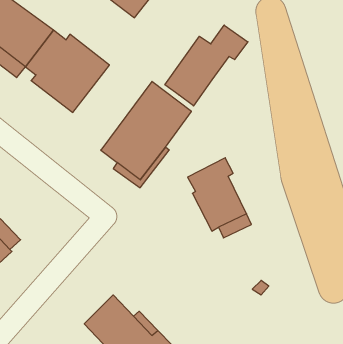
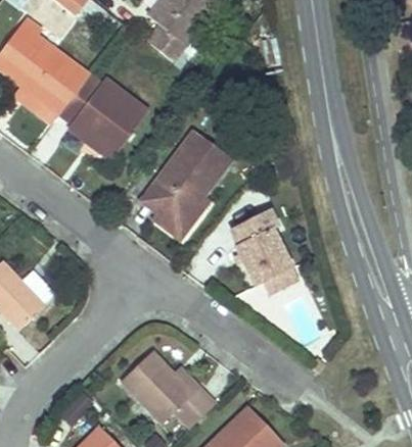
building: [165,25,248,106] -> none

